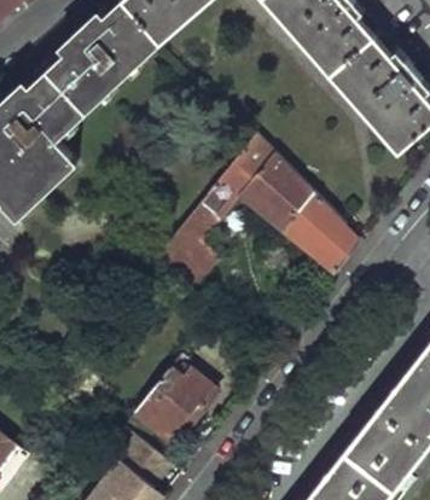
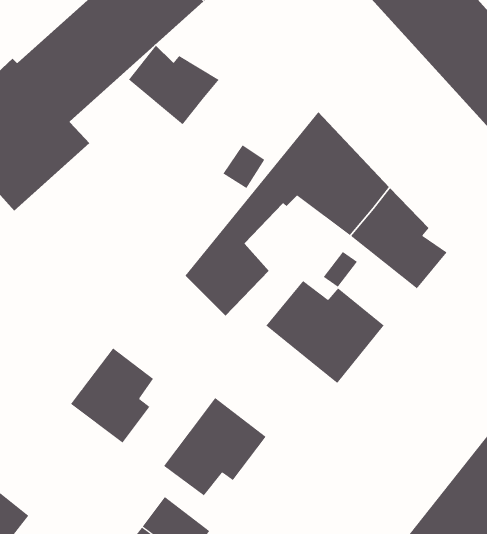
building: none -> [128,45,220,125]
building: none -> [265,280,384,384]
building: none -> [70,347,154,443]

